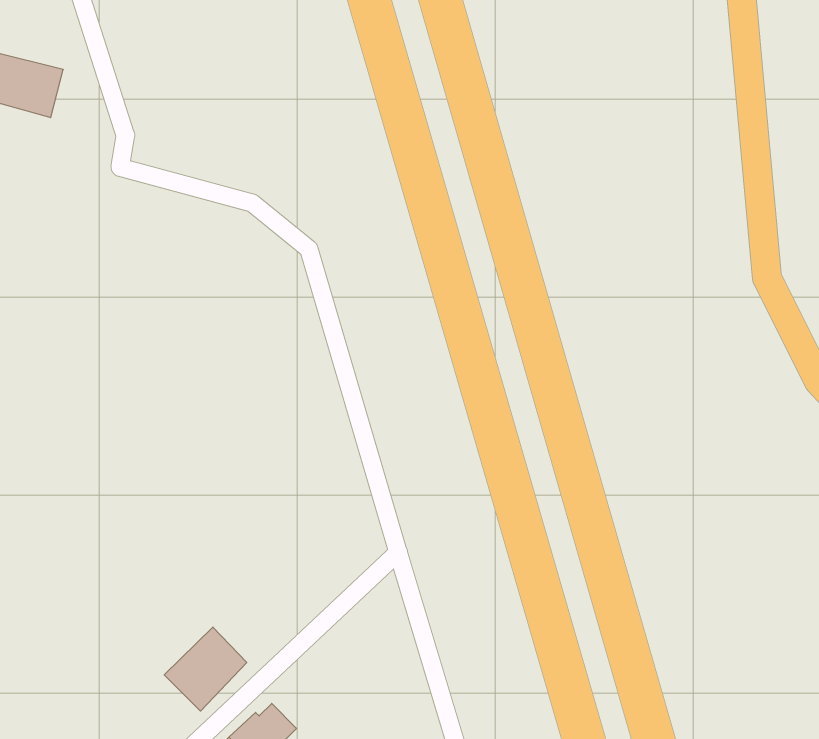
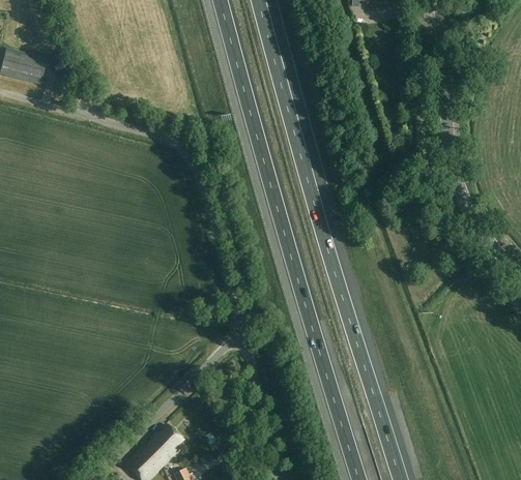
building: [164,627,247,711] -> none

